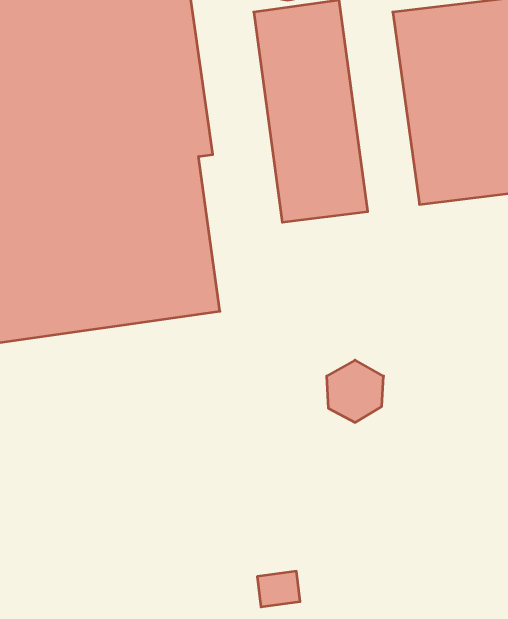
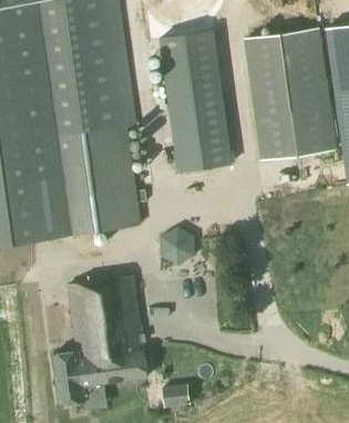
building: [327,360,384,422] -> [160,228,195,267]
building: none -> [52,277,144,404]

